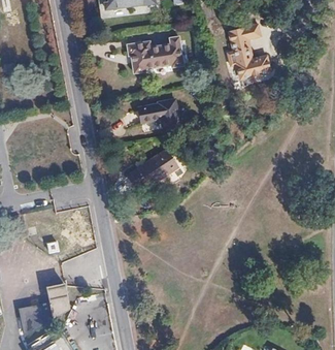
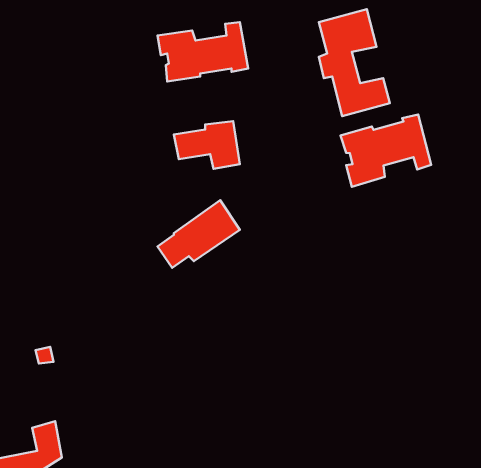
building: none -> [340,115,431,187]

